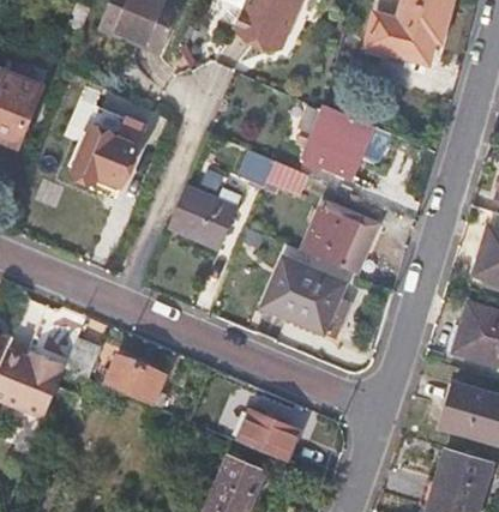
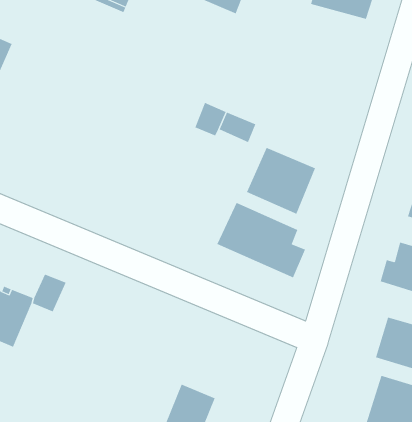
building: [303,104,372,179] -> none
building: [70,110,140,193] -> none
building: [170,187,236,248] -> none
building: [107,354,173,405] -> none
building: [233,408,291,457] -> none

